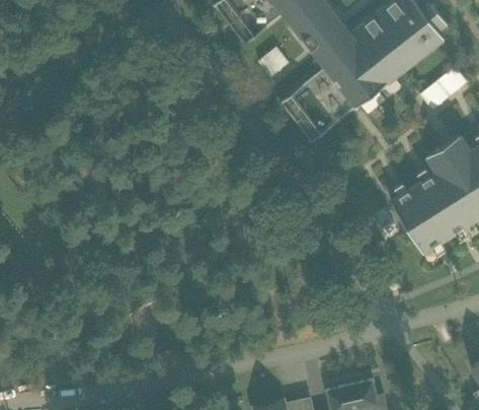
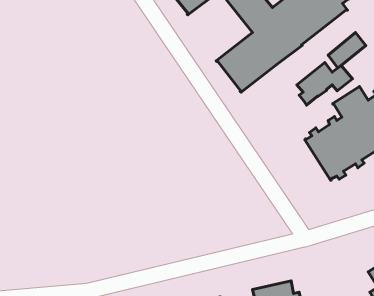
building: none -> [297,62,352,105]

